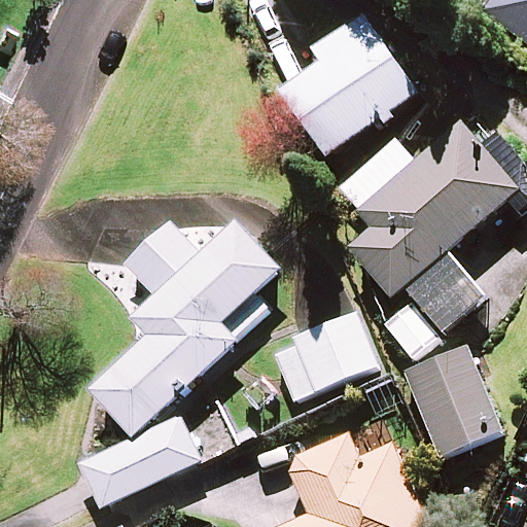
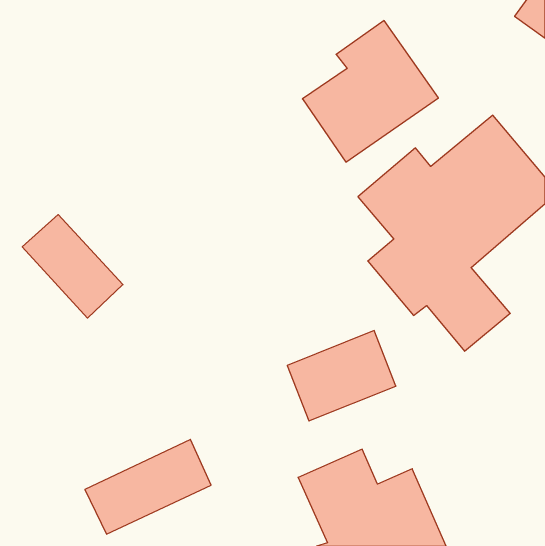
building: none -> [22,215,123,318]
building: [90,209,279,436] -> none
building: [401,345,498,457] -> none

